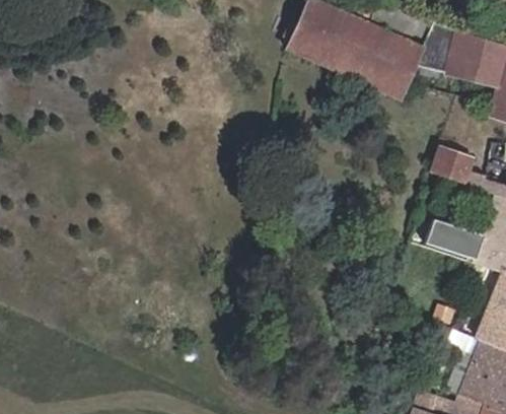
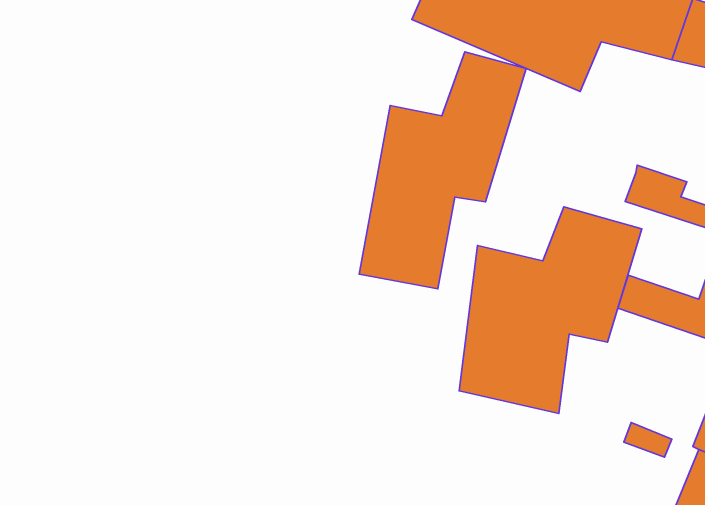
building: none -> [359,52,526,289]
building: none -> [459,207,642,413]

